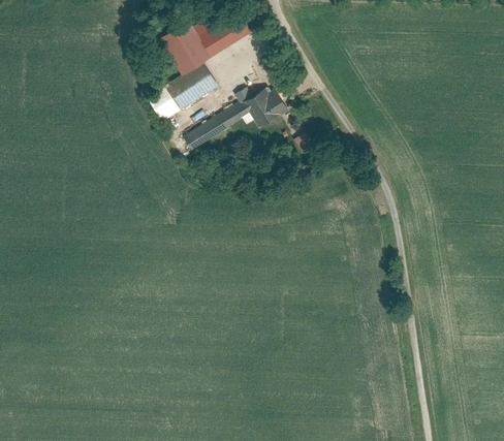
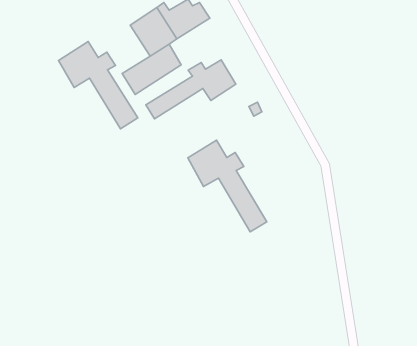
building: none -> [59,42,138,129]
building: none -> [188,140,267,232]

